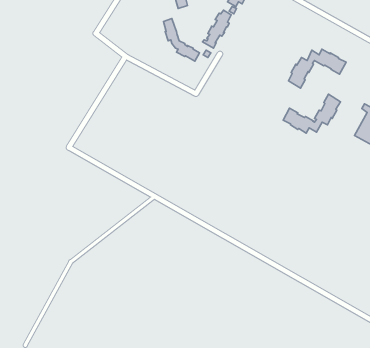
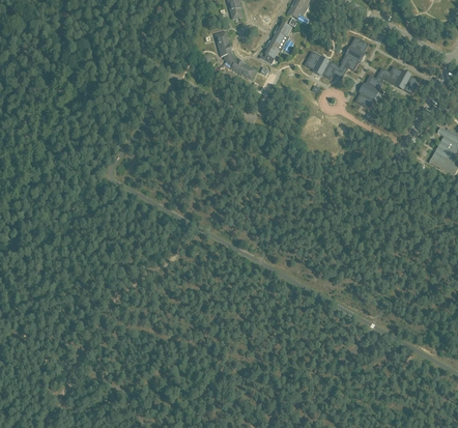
building: [283,94,341,133] -> [305,36,369,80]

